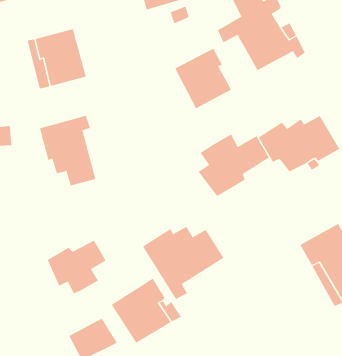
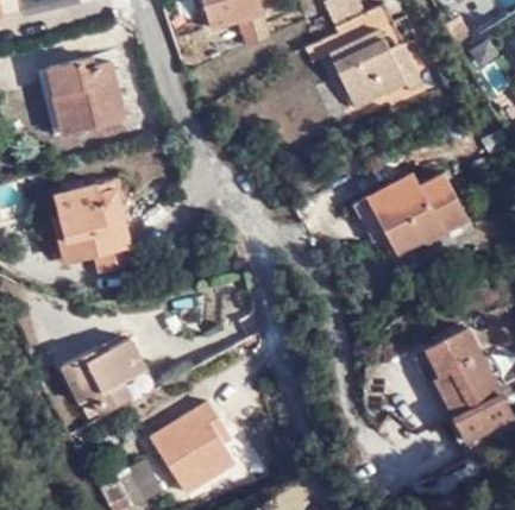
building: [175,48,232,109] -> none
building: [198,134,270,197] -> none
building: [142,226,224,300] -> none

